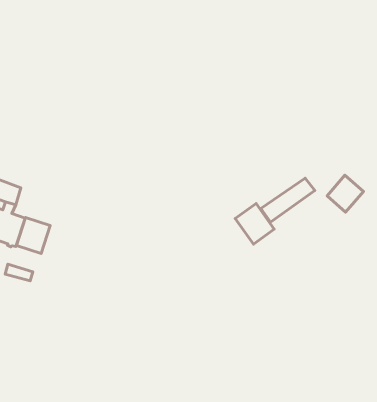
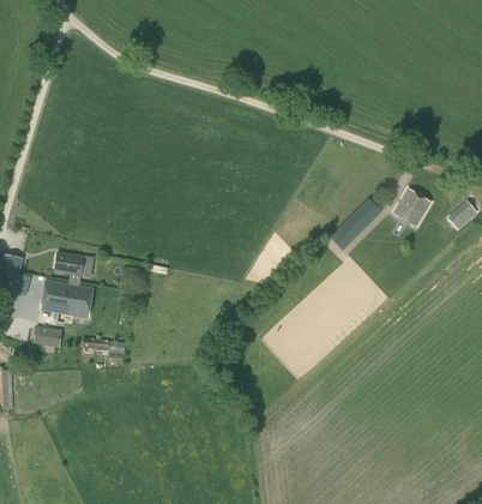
building: [235,203,274,244] -> none
building: [16,217,50,254] -> none

